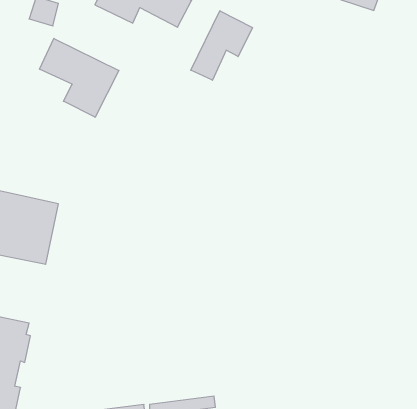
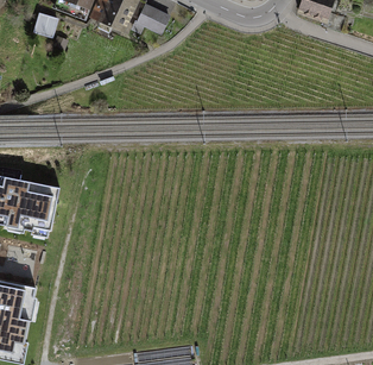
building: [191,11,253,80] -> none
building: [40,38,119,117] -> none

